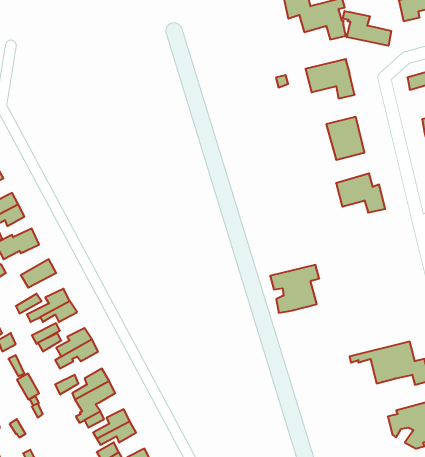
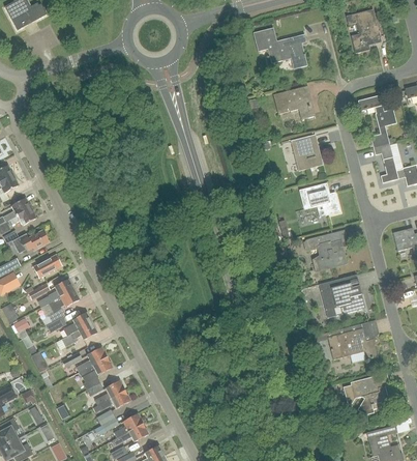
building: [343,11,391,46] -> none
building: [270,265,319,313] -> [306,229,348,269]
building: none -> [319,273,365,312]

